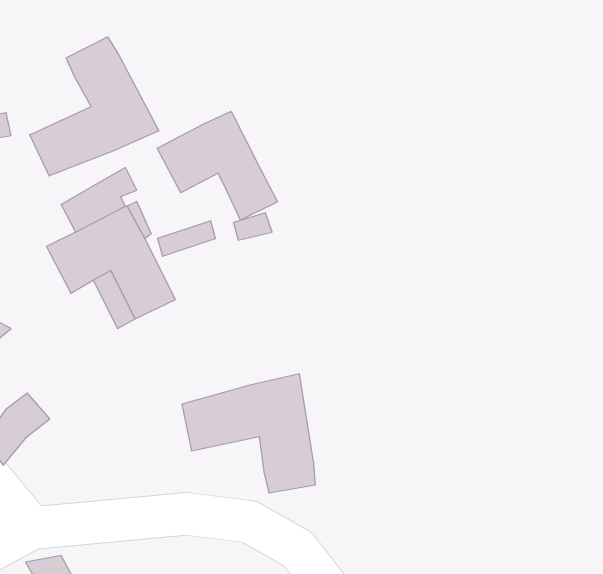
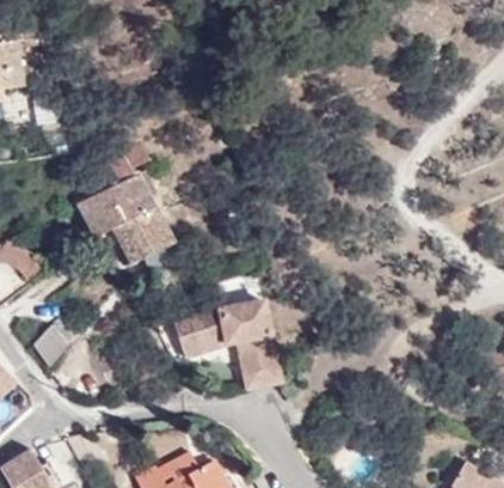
building: [30,37,159,176] -> none
building: [157,111,277,220] -> none

